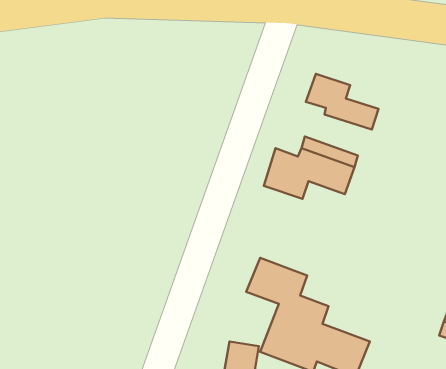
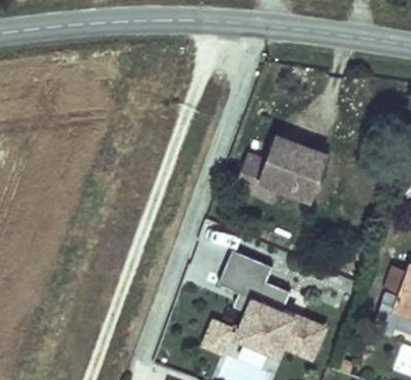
building: [306,74,378,129] -> none

